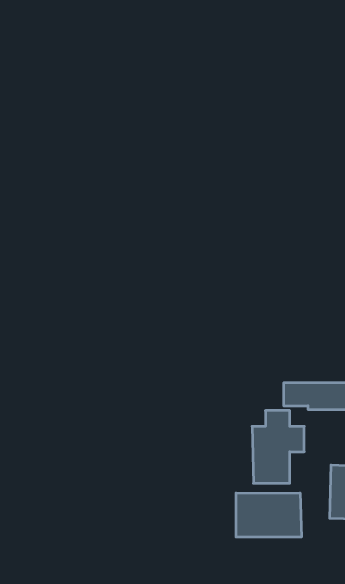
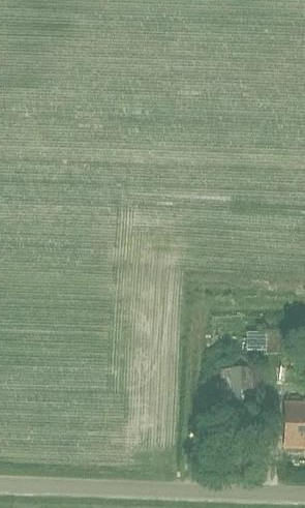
building: [236,493,301,537] -> none

